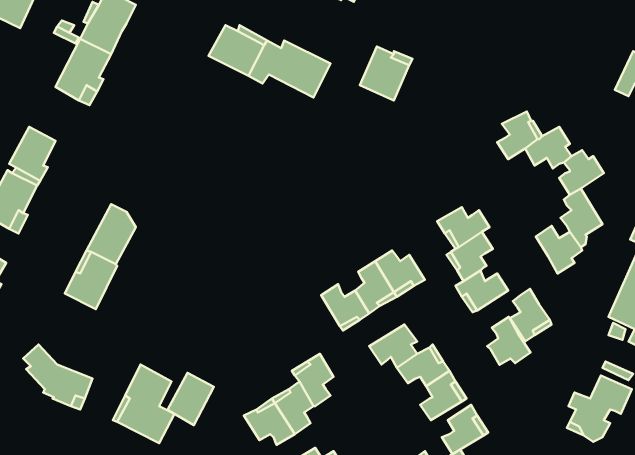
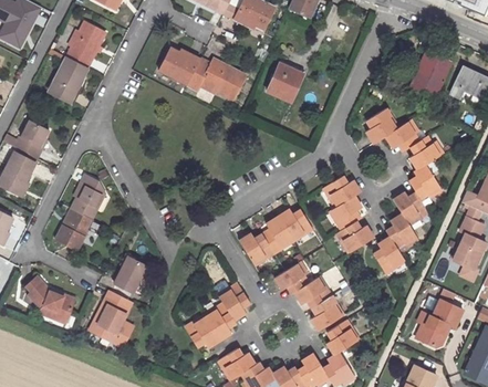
building: none -> [409,50,453,98]
building: [487,317,531,365] -> [386,213,417,248]
building: [168,373,214,425] -> [114,257,147,294]

